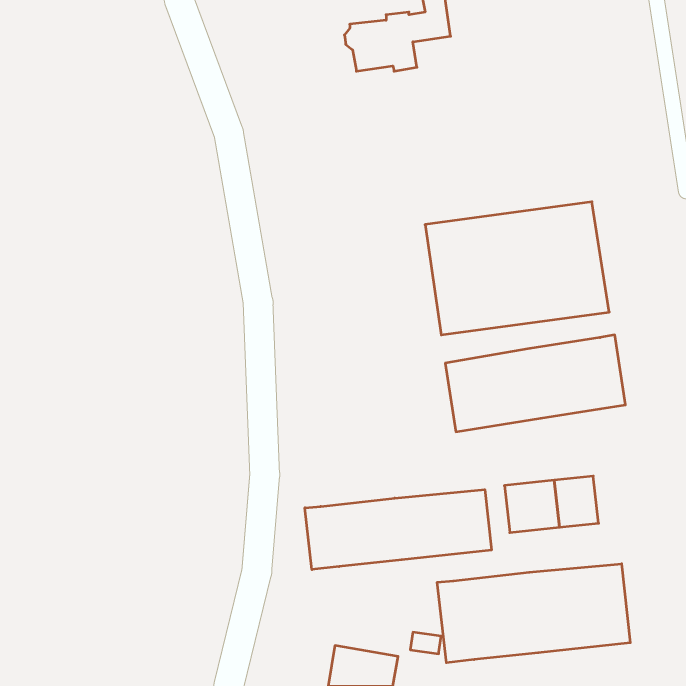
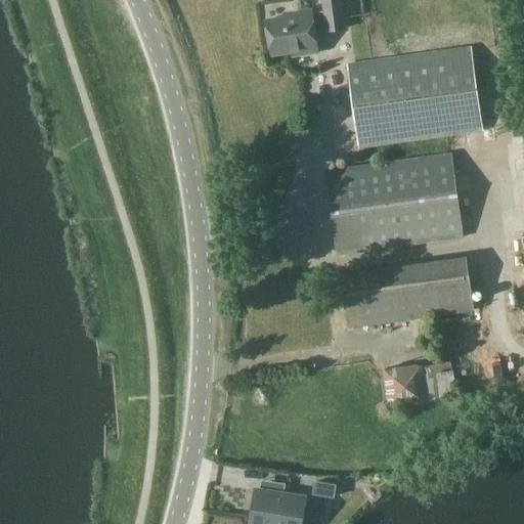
building: none -> [347,48,482,145]
building: [305,490,491,570] -> none
building: [437,564,630,663] -> none

